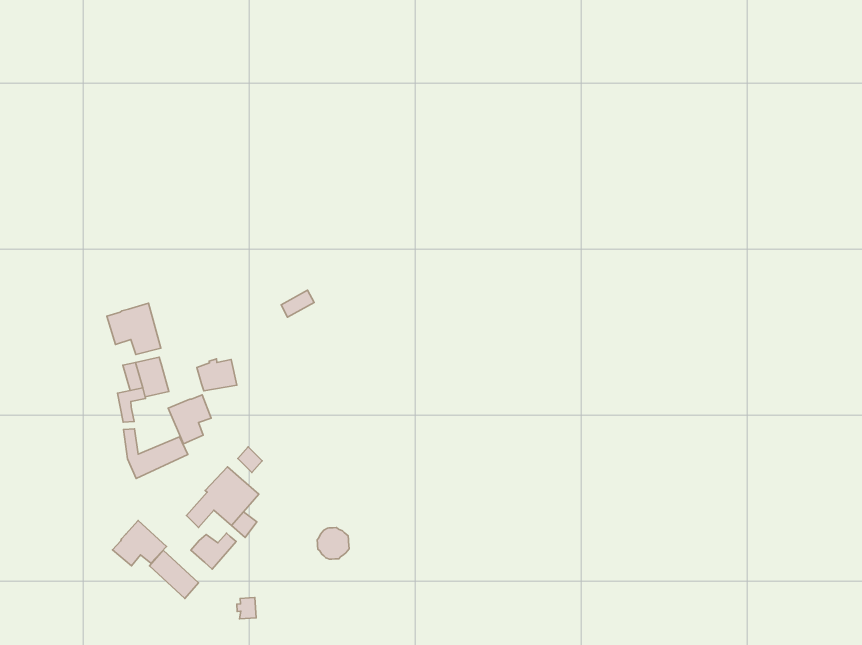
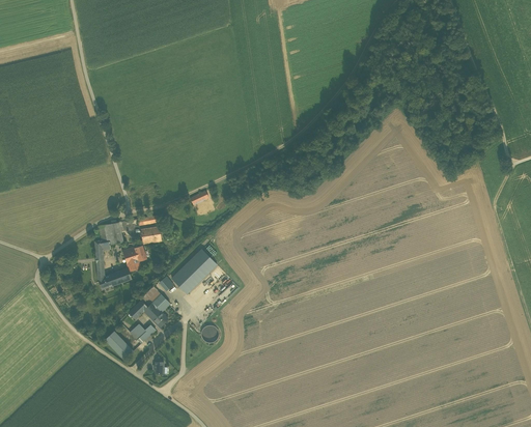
building: [107,303,161,355] -> none
building: none -> [172,249,217,293]
building: [113,520,167,566] -> none

